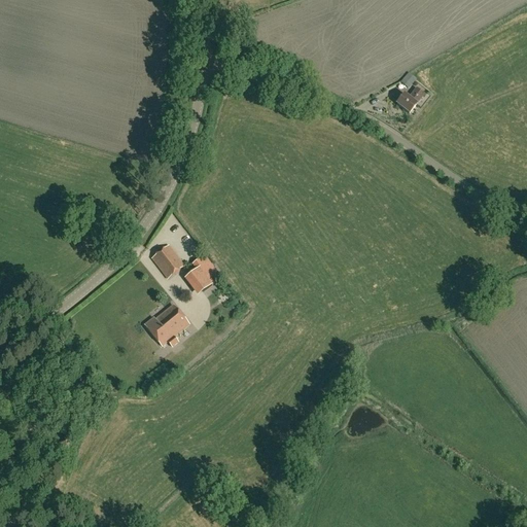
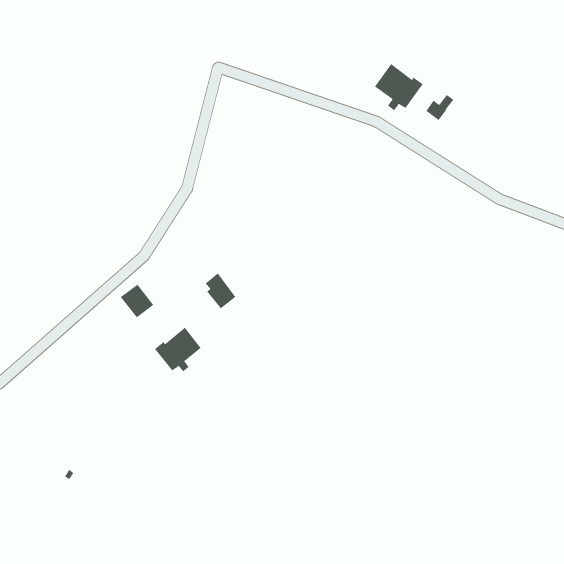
building: none -> [374,63,424,111]
building: [150,245,182,277] -> [120,284,154,318]

